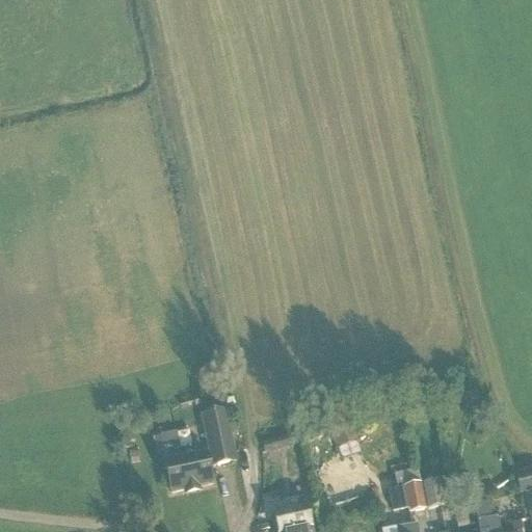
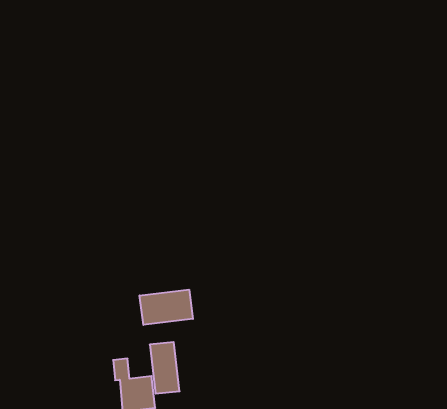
building: none -> [140,290,193,325]

